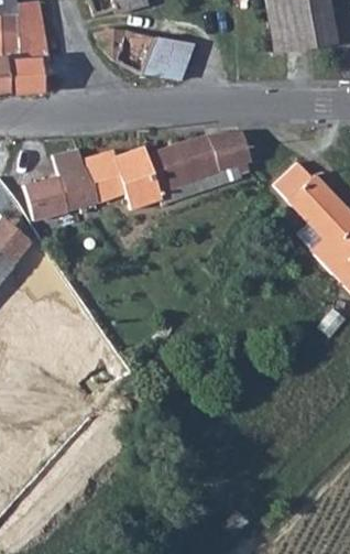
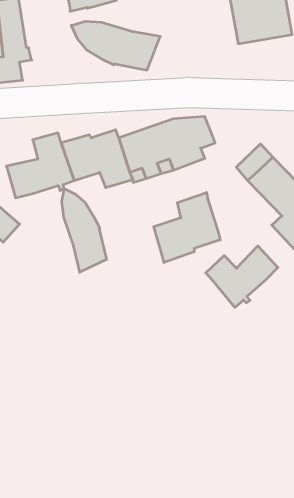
building: none -> [62,189,106,272]
building: none -> [154,192,220,263]
building: none -> [206,246,278,307]

